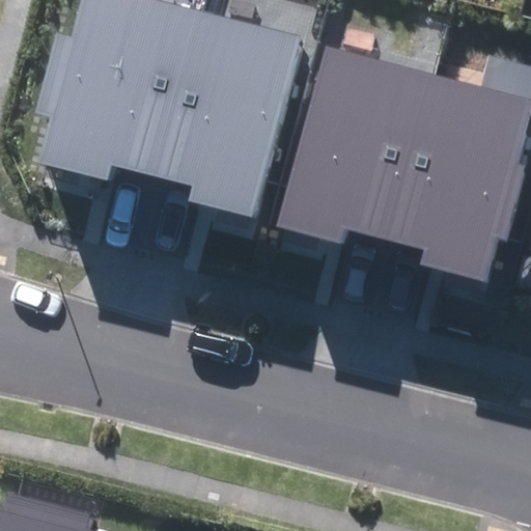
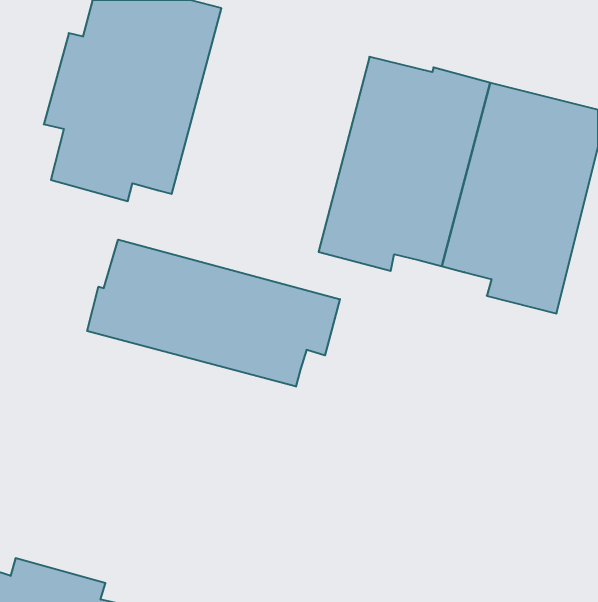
building: [150,9,305,218] -> none
building: none -> [87,240,340,387]

